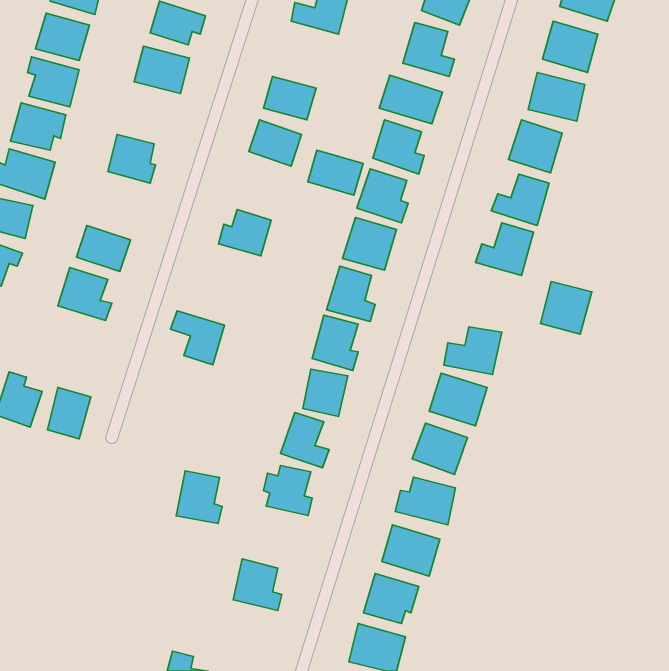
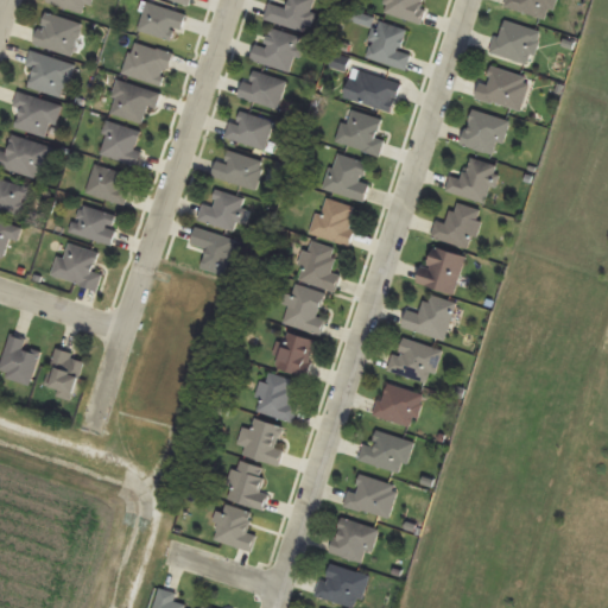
building: none -> [248,27,300,71]
building: none -> [107,78,159,124]
building: [308,150,363,195] -> [213,148,262,189]
building: none -> [83,163,129,205]
building: [540,281,592,334] -> [417,246,463,293]
building: [171,311,225,365] -> [188,227,236,276]
building: [176,471,222,524] -> [224,460,266,507]

